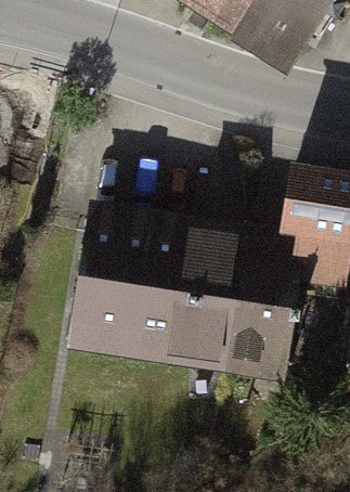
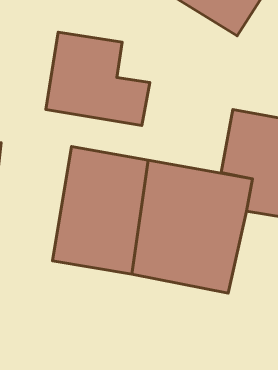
building: none -> [46,32,150,125]

